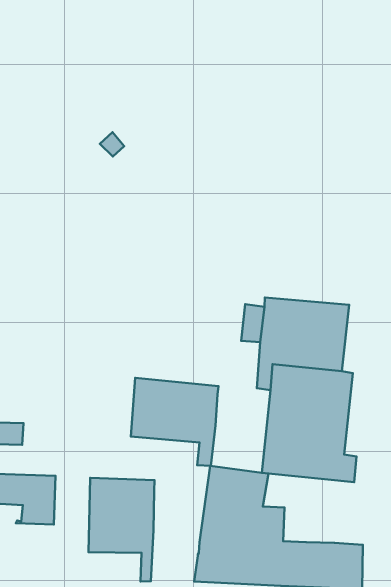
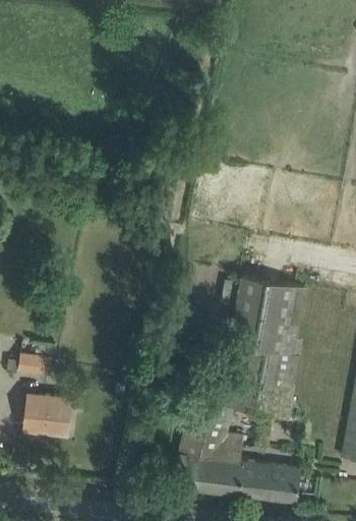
building: [131,378,218,466] -> none
building: [88,478,155,581] -> none

